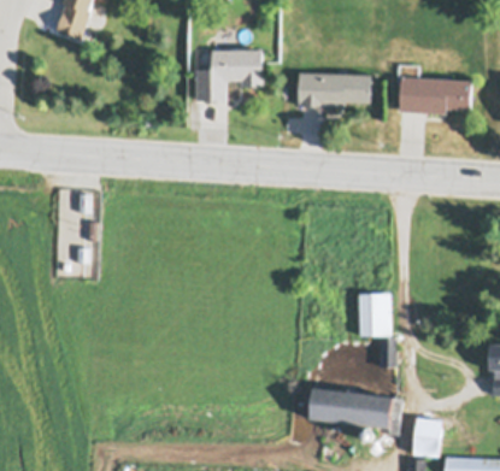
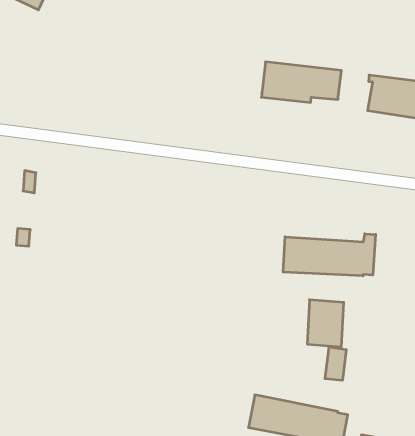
building: [196,49,264,102] -> none
building: none -> [283,234,376,276]

